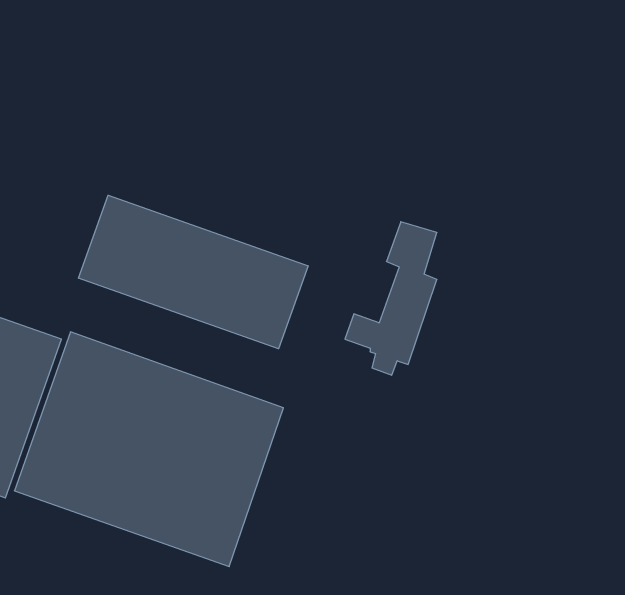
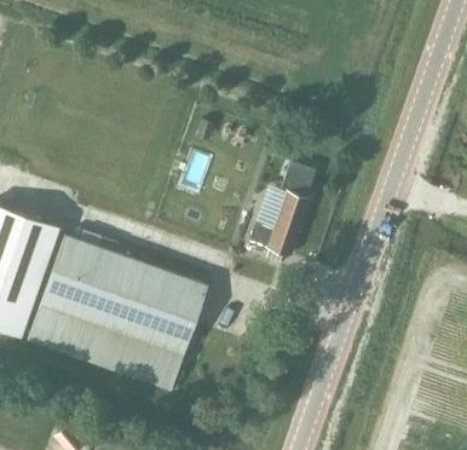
building: [79,195,308,349] -> none

